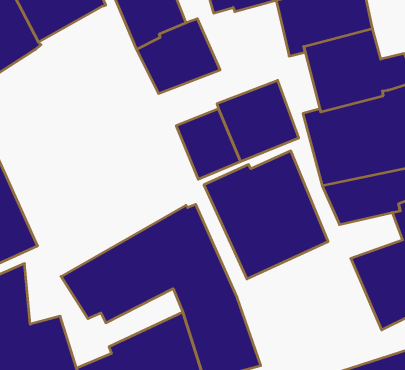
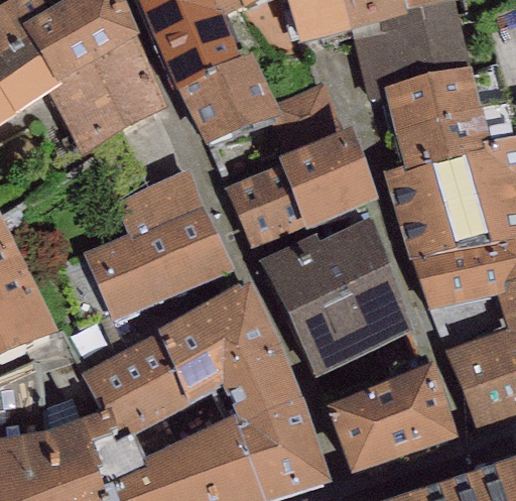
building: none -> [50,36,164,155]
building: none -> [84,167,233,320]
building: none -> [325,370,457,477]

